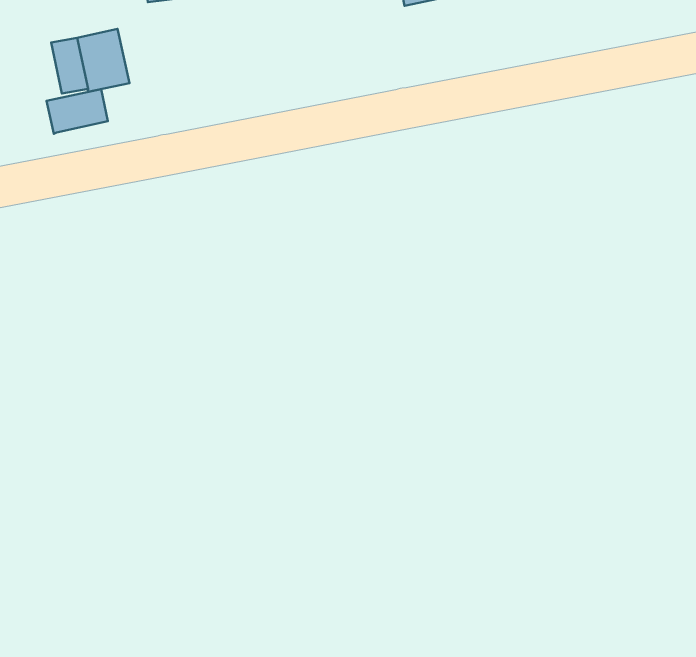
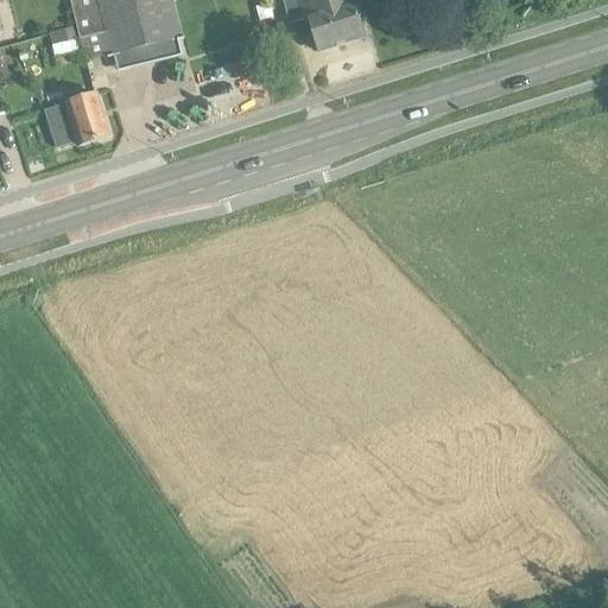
building: [46,89,108,134] -> none

